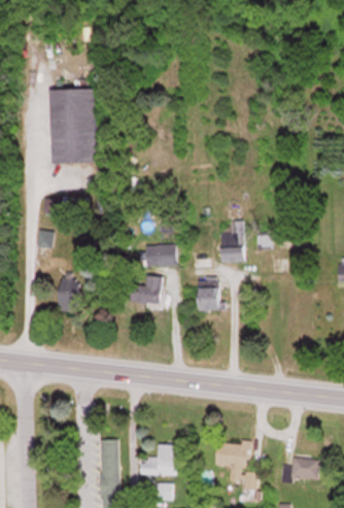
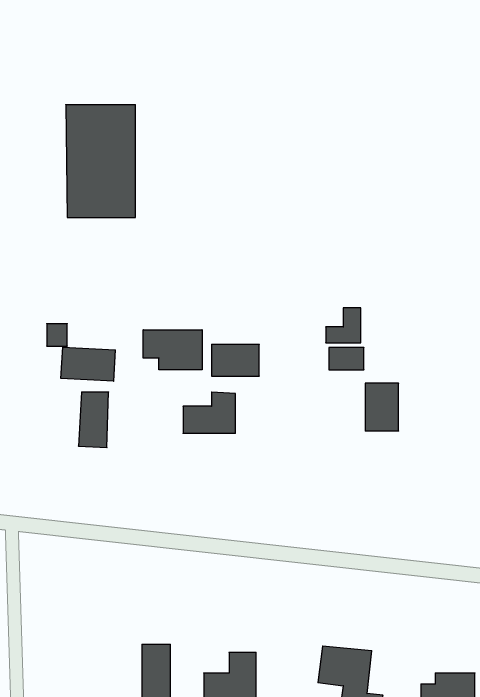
building: none -> [143,330,202,370]
building: none -> [61,347,115,381]
building: [198,279,219,310] -> [365,383,399,431]

